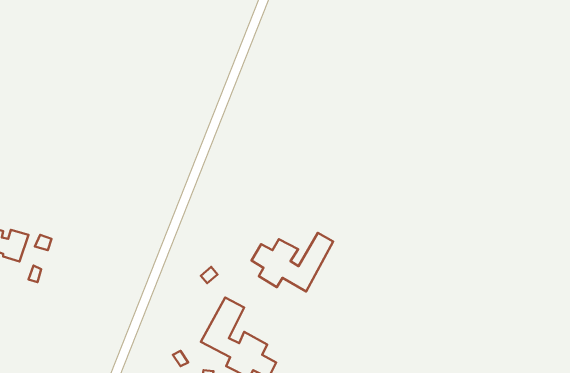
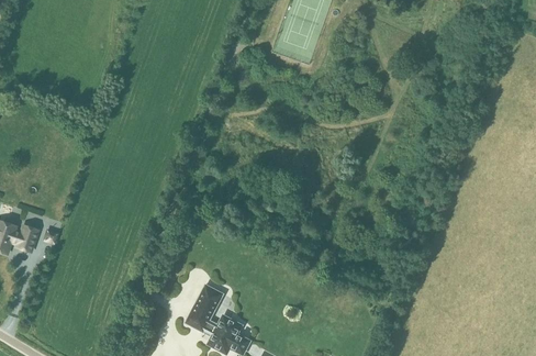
building: [251,233,333,291] -> none

